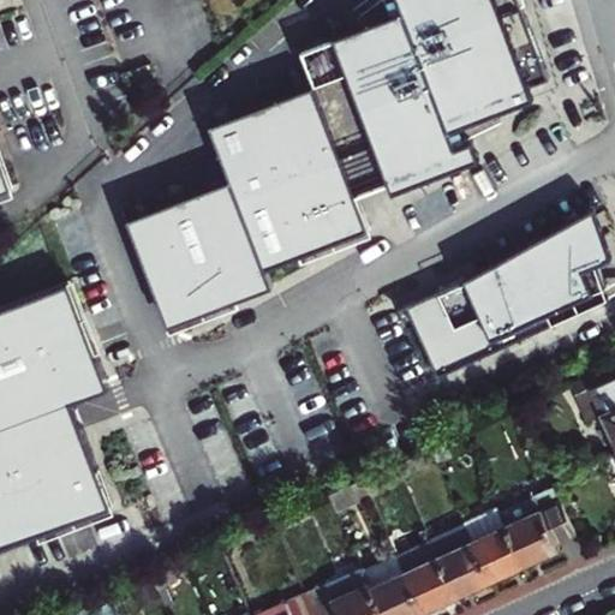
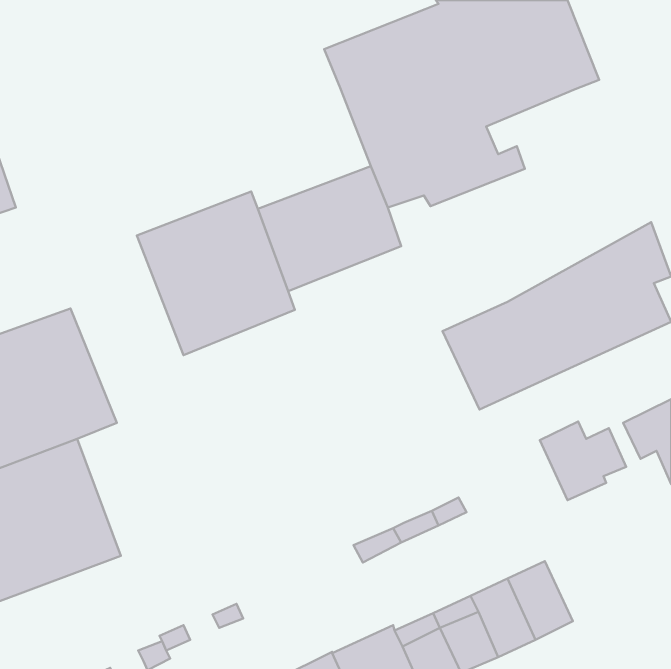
building: [207,89,335,198] -> none
building: [440,90,525,149] -> none
building: [492,500,571,571] -> [540,422,626,500]

